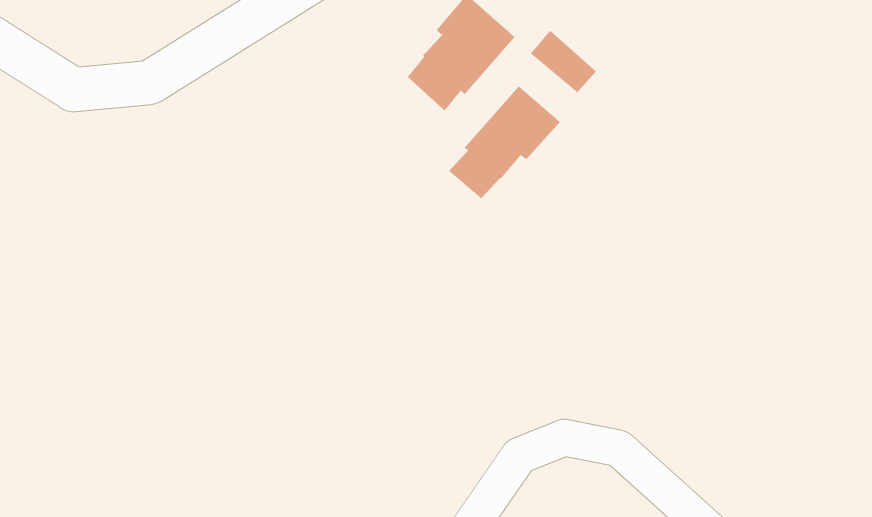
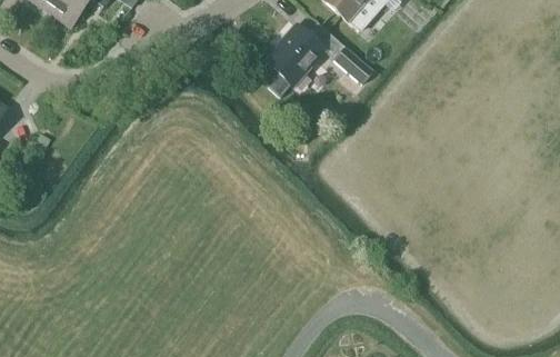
building: [448,85,561,199] -> none

